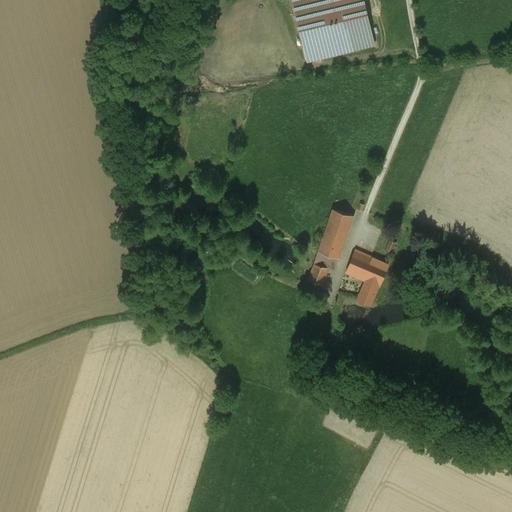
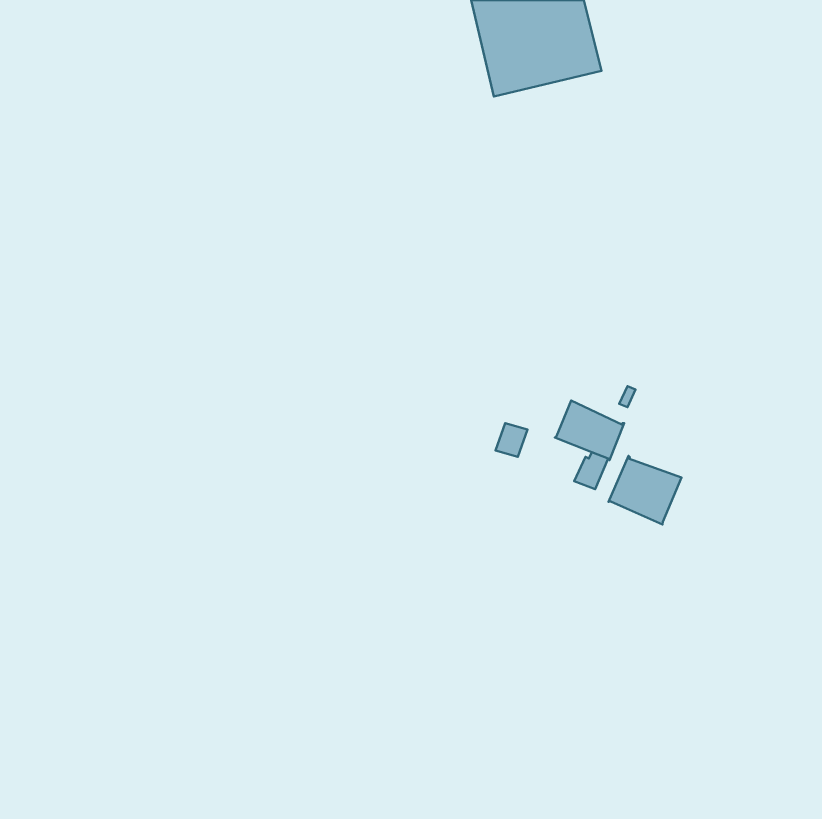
building: [318,210,353,260] -> none
building: none -> [609,456,682,525]

